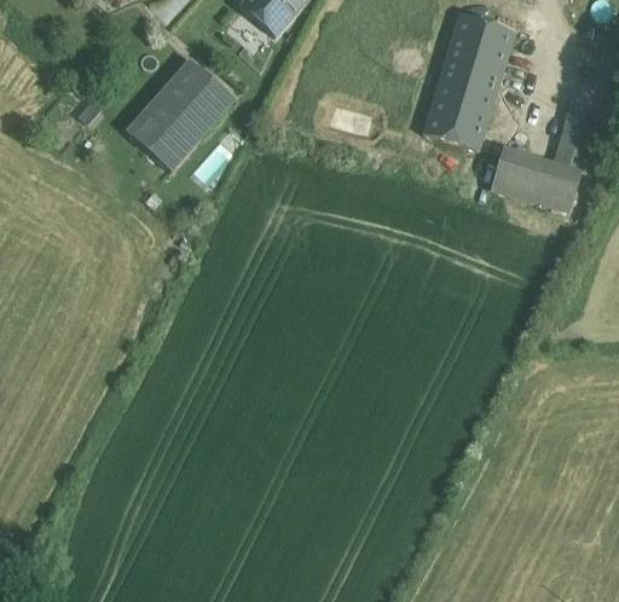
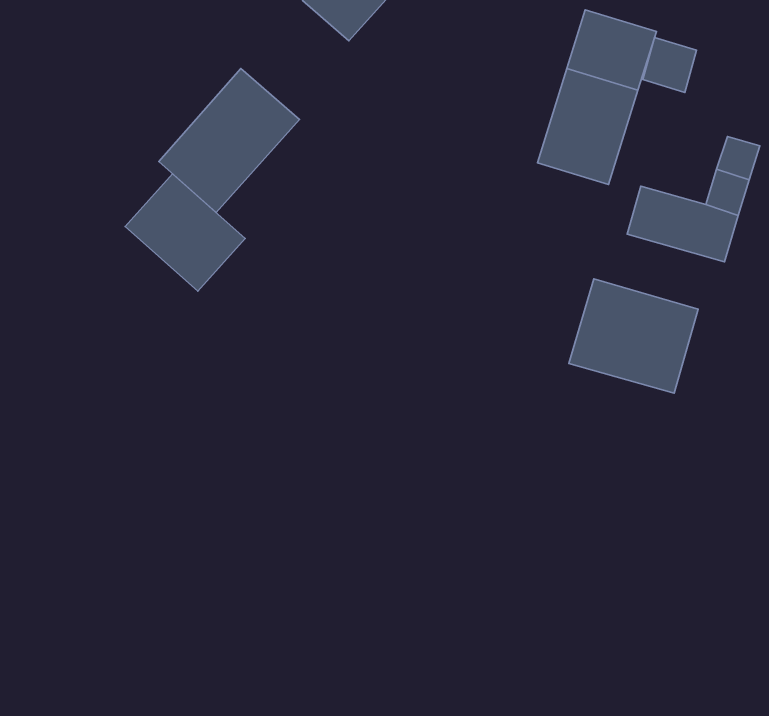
building: none -> [643,38,696,92]
building: none -> [125,174,245,291]
building: none -> [569,279,698,393]

